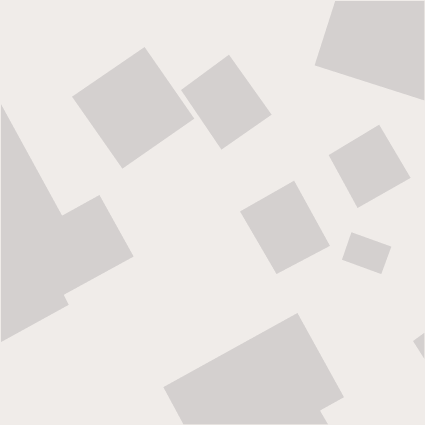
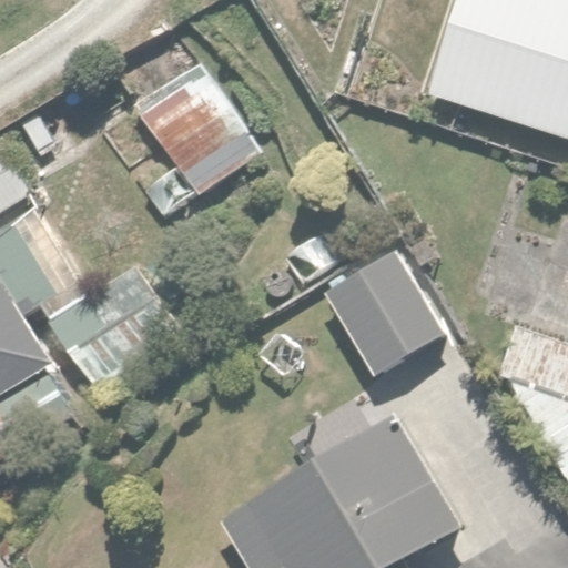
building: [180,53,273,151] -> none
building: [328,124,412,209] -> none

